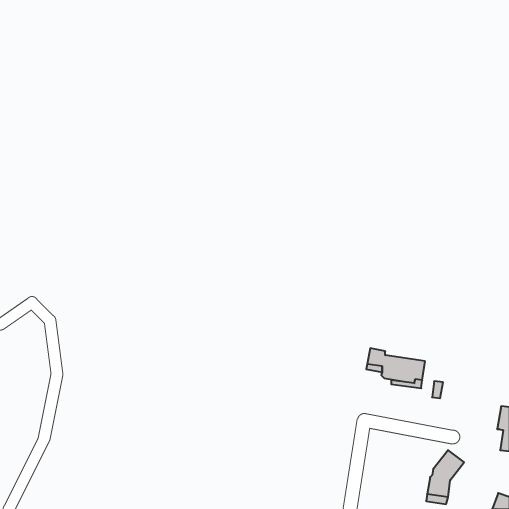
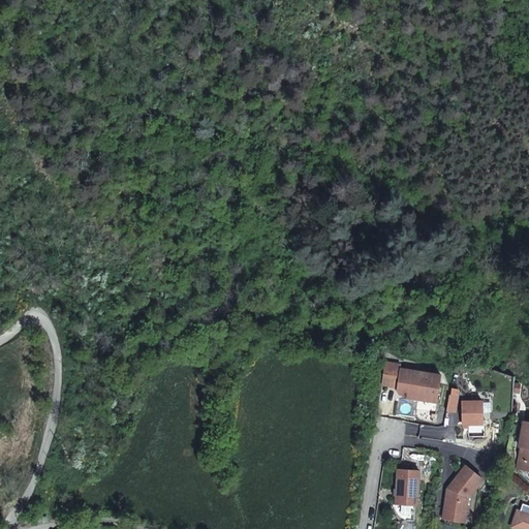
building: none -> [462,401,481,425]
building: none -> [394,468,418,504]

